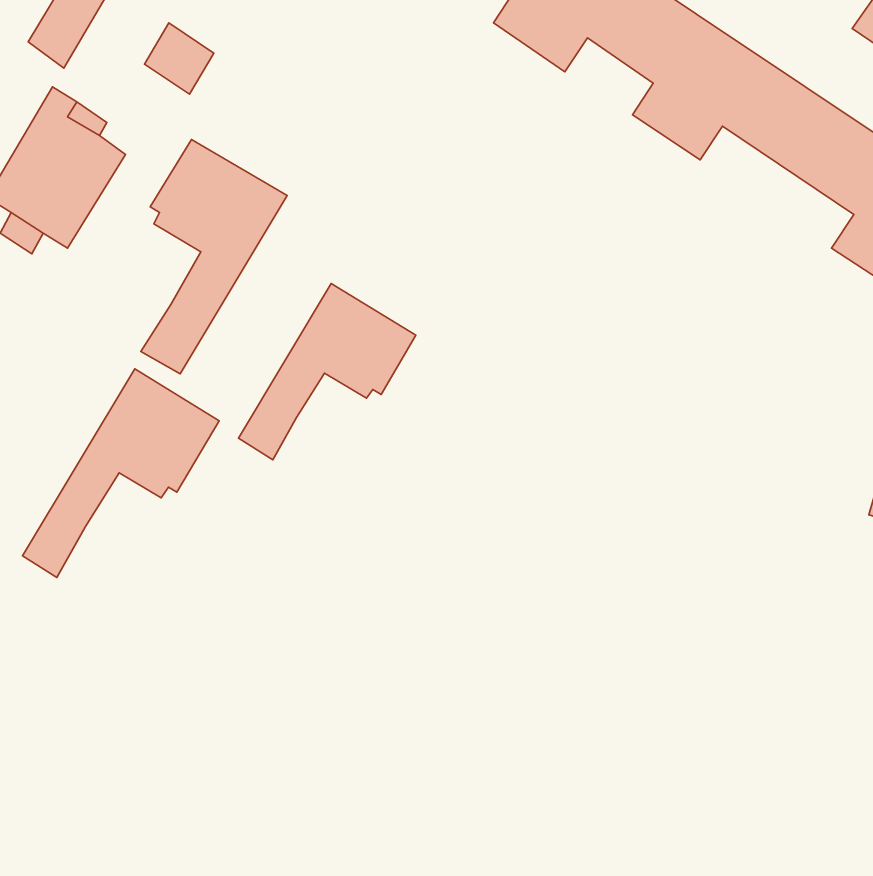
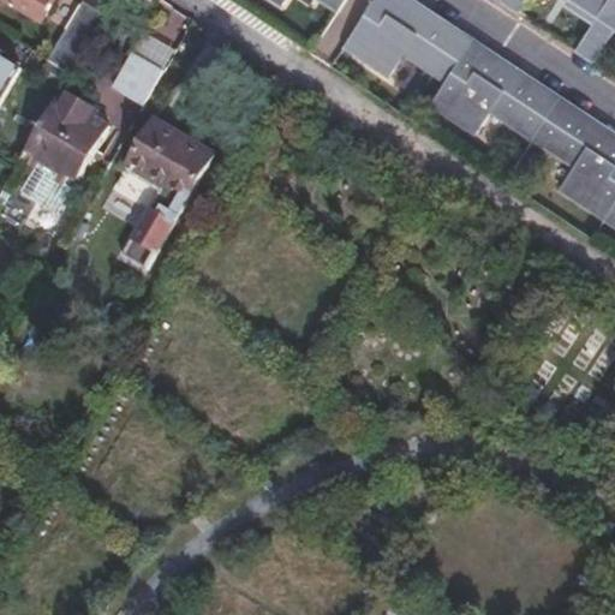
building: [239,284,416,460] -> none
building: [23,369,219,577] -> none

